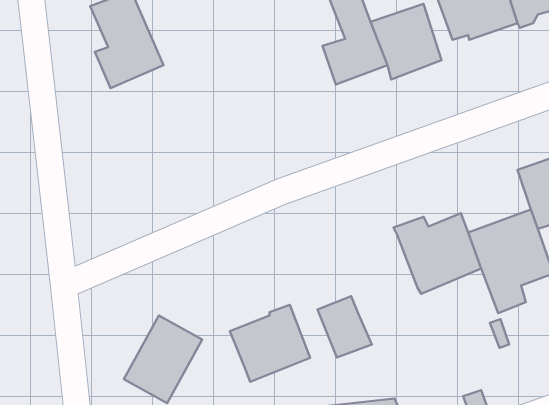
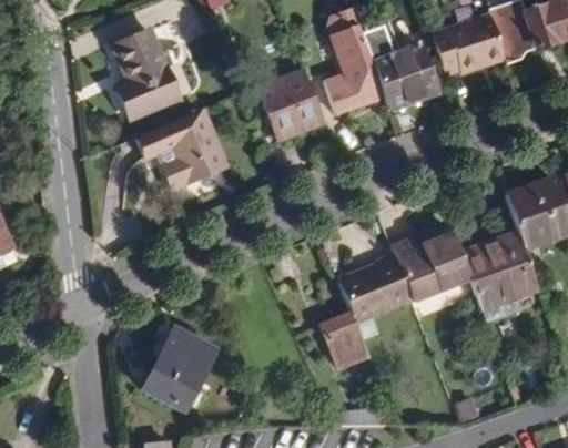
building: none -> [258,71,323,140]
building: none -> [136,110,224,189]
building: [230,305,310,382] -> [338,254,413,325]

